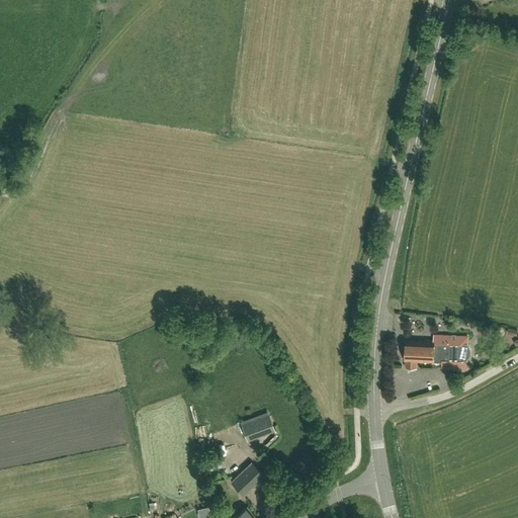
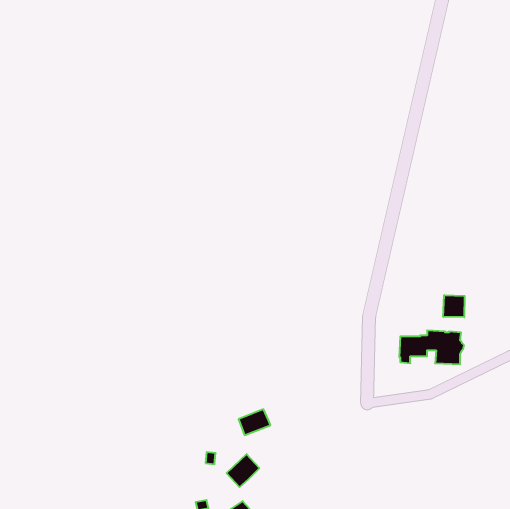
building: none -> [443,295,465,317]

